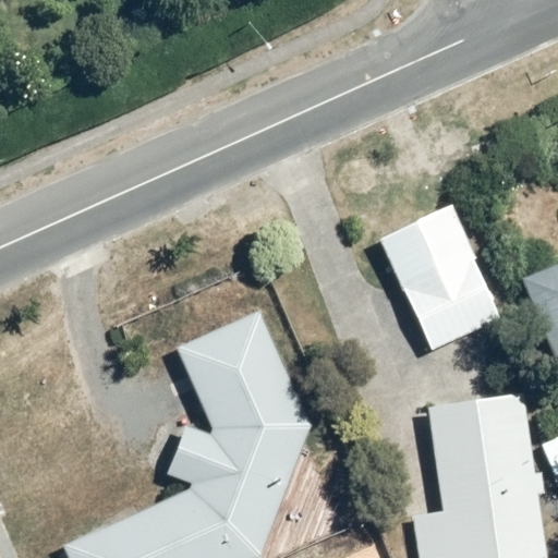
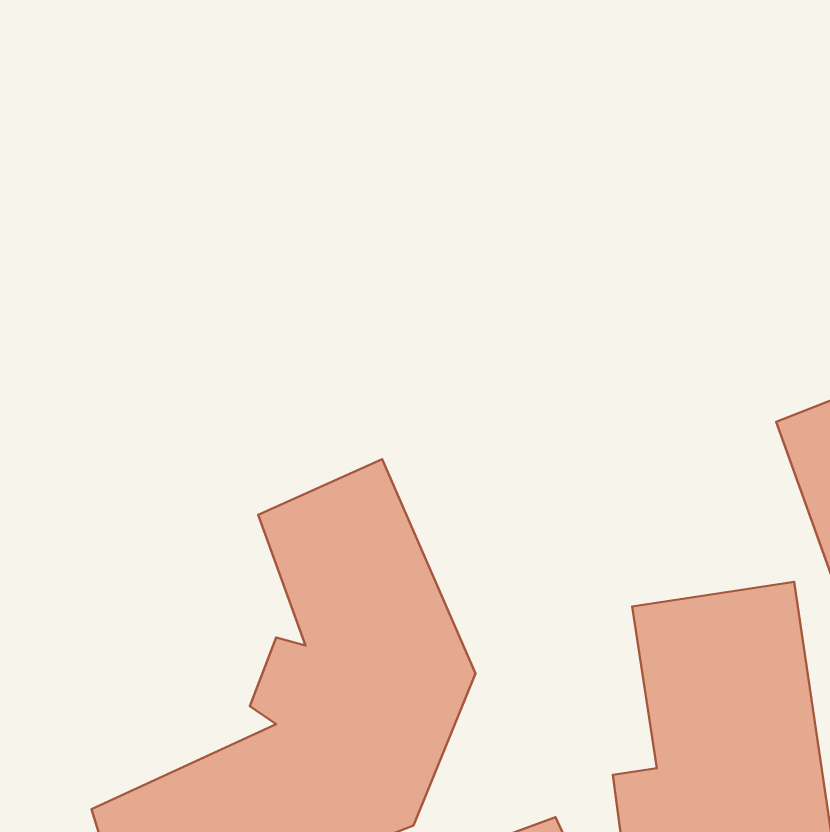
building: [377,205,506,352] -> none

